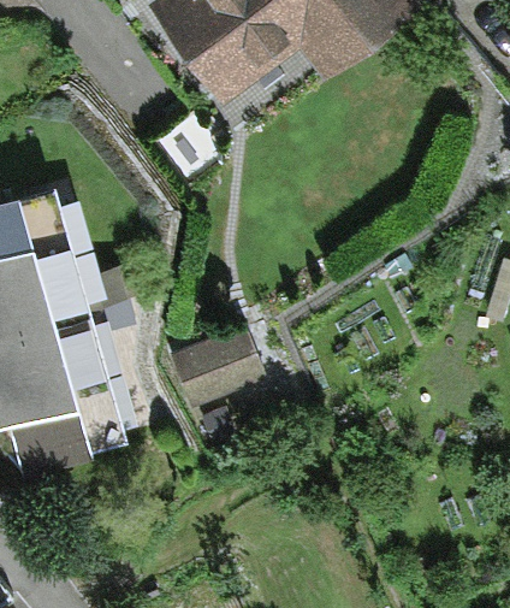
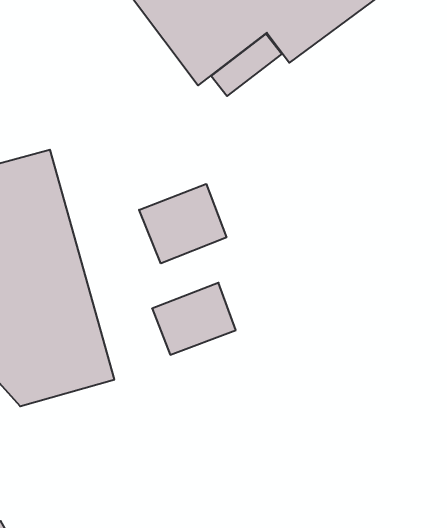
building: none -> [139,184,226,263]

